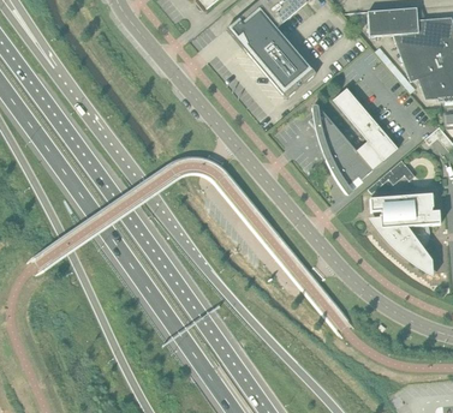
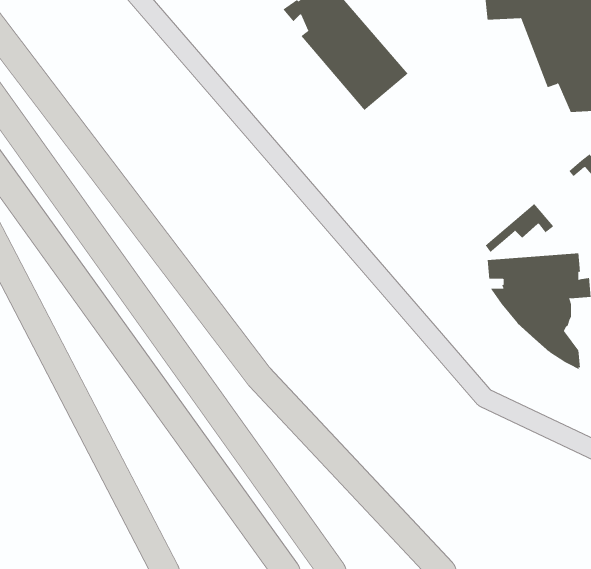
building: [309,86,399,191] -> none

